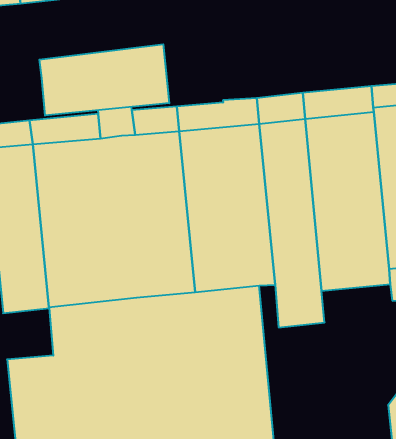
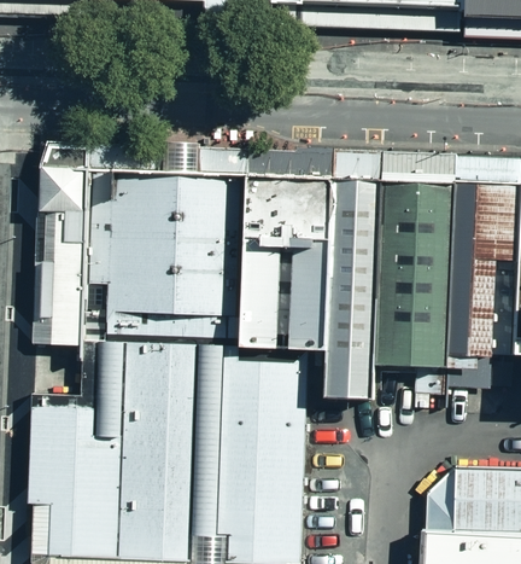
building: [39,44,169,116] -> none

